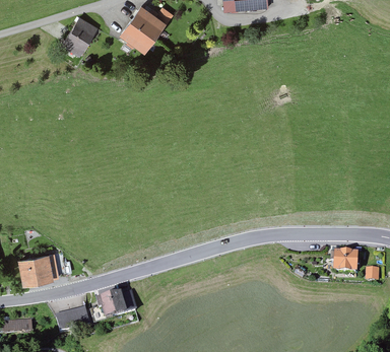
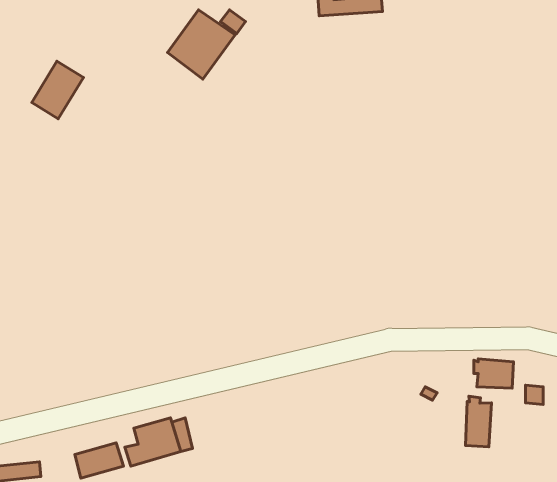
building: [62,17,98,57] -> [32,61,83,119]
building: [18,255,59,287] -> none
building: none -> [465,396,492,447]

